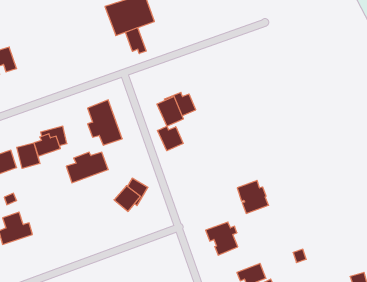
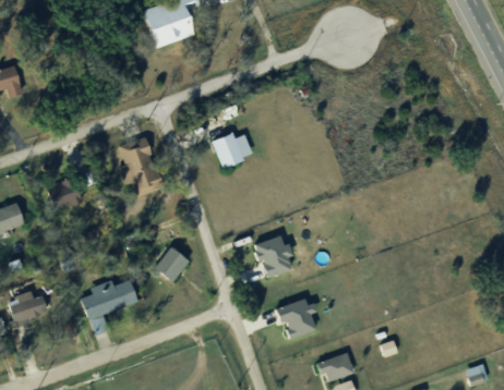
building: [125,28,146,54] -> none
building: [158,126,183,151] -> none
building: [17,143,40,168] -> none
building: [66,152,108,183] -> [81,280,136,320]
building: [237,180,269,213] -> [253,234,295,278]

